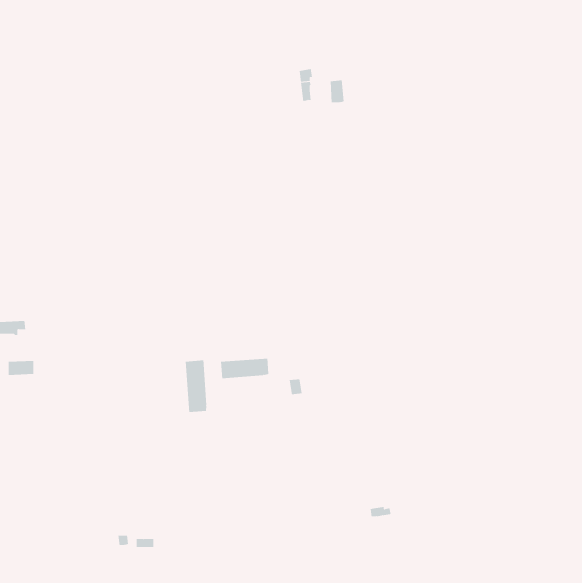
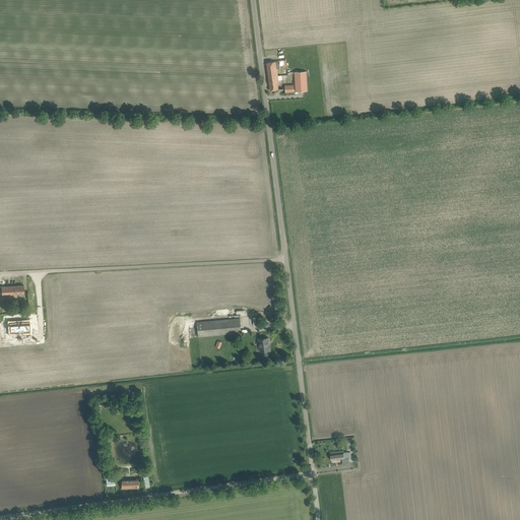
building: [185,360,207,413] -> none

